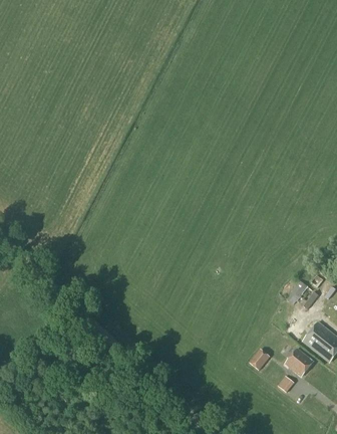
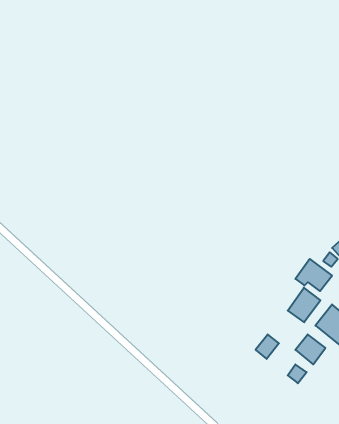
building: none -> [288,288,320,322]

